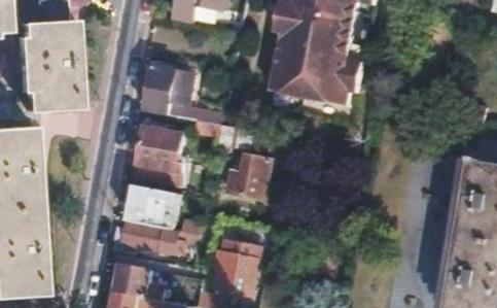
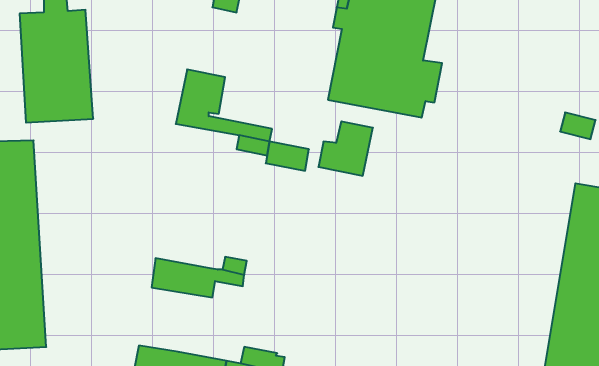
building: [134,127,182,183] -> none
building: [226,155,271,199] -> [318,121,373,176]
building: [127,184,179,228] -> none
building: [214,242,258,296] -> none
building: [113,263,150,296] -> none

